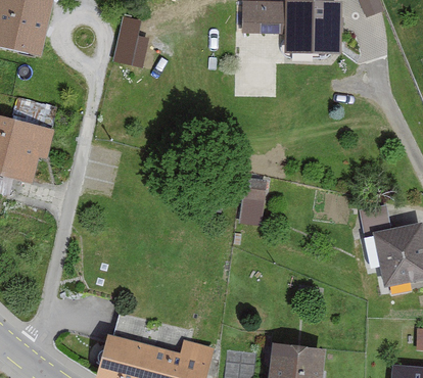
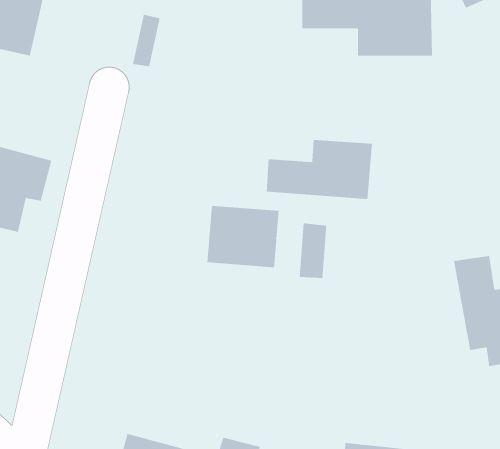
building: none -> [266,139,373,200]
building: none -> [207,205,279,268]

